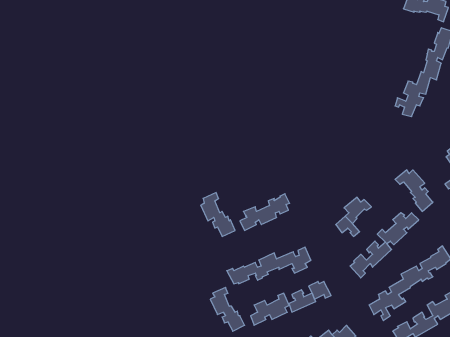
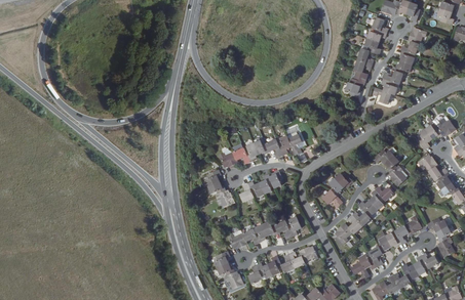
building: none -> [346,17,388,97]
building: none -> [219,134,302,167]

